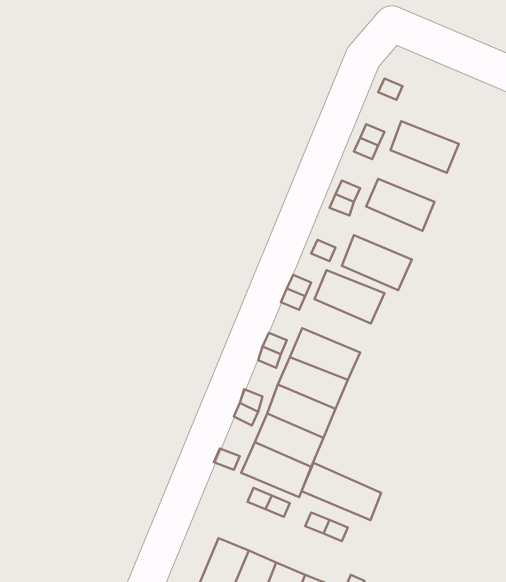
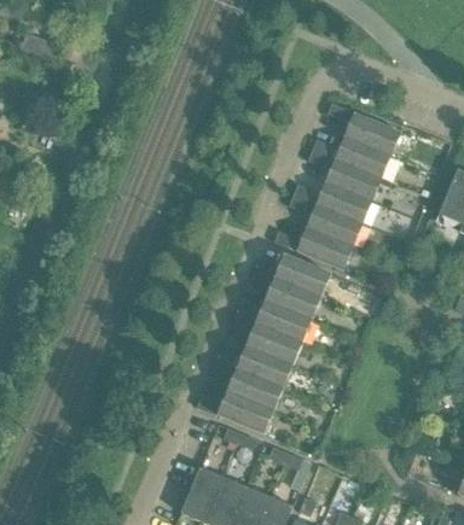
building: none -> [343,111,399,153]
building: none -> [325,158,379,199]
building: none -> [306,203,360,245]
building: none -> [265,276,319,319]
building: [301,463,381,520] -> none

